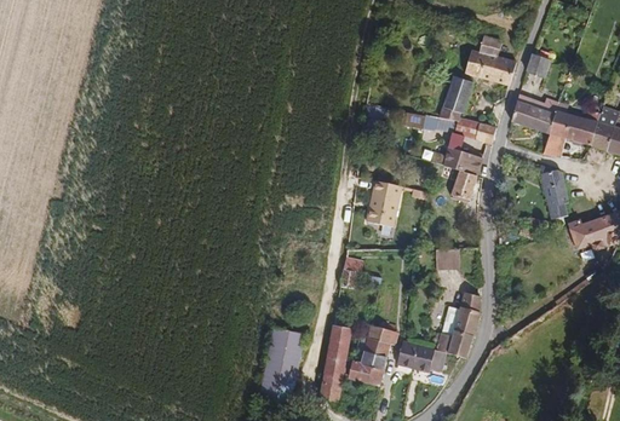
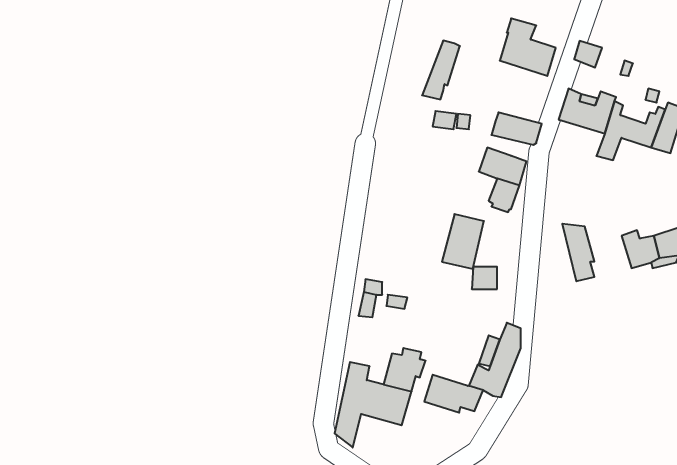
building: [442,70,475,121] -> [422,41,460,99]
building: [539,168,567,218] -> [562,224,594,281]
building: [366,183,402,230] -> [442,214,484,269]
building: [258,330,303,404] -> none

